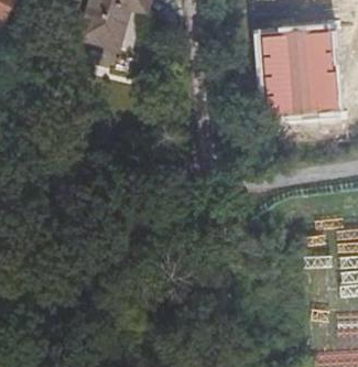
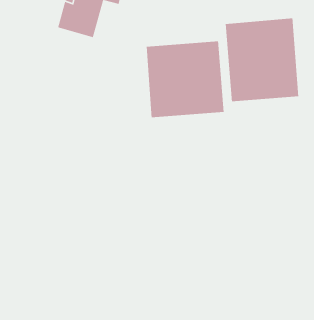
building: none -> [146,40,225,118]

